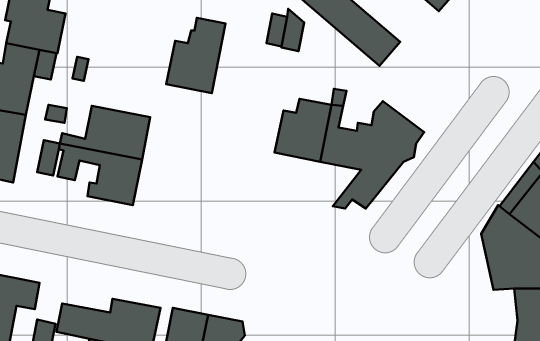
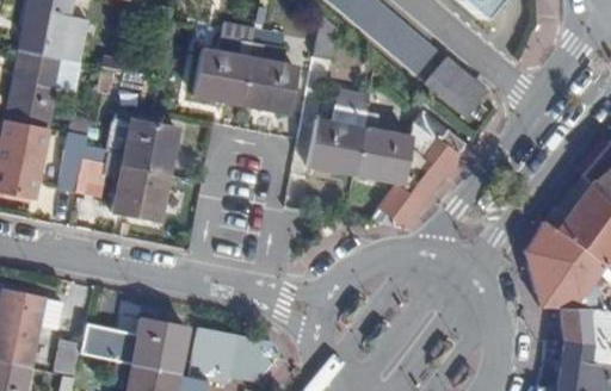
building: none -> [242,29,296,112]
building: none -> [425,56,489,117]

